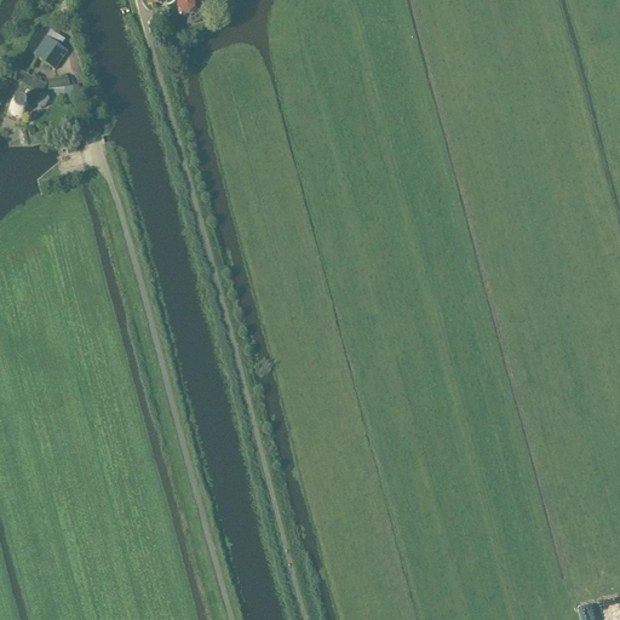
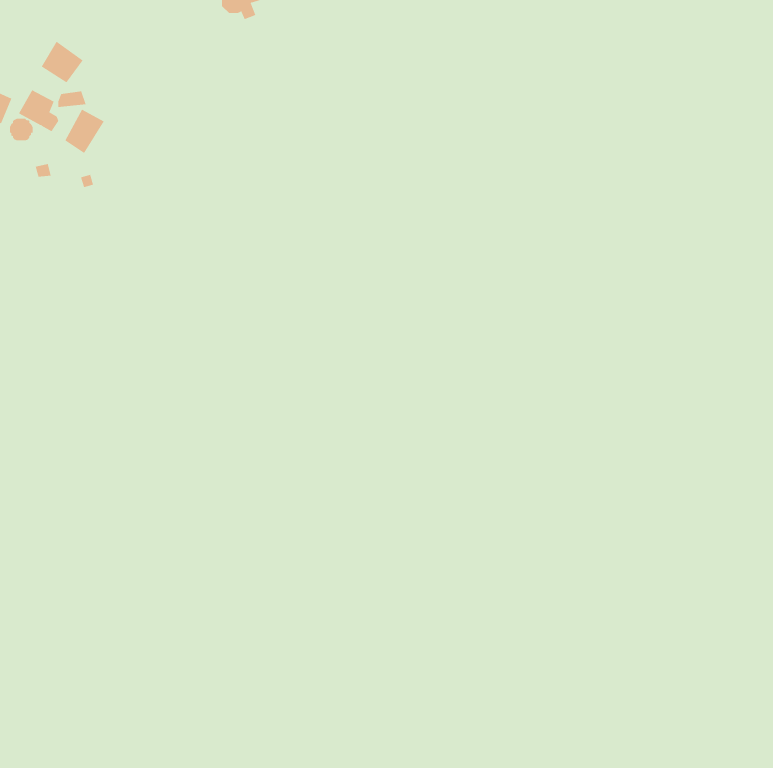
building: none -> [65,109,104,154]

